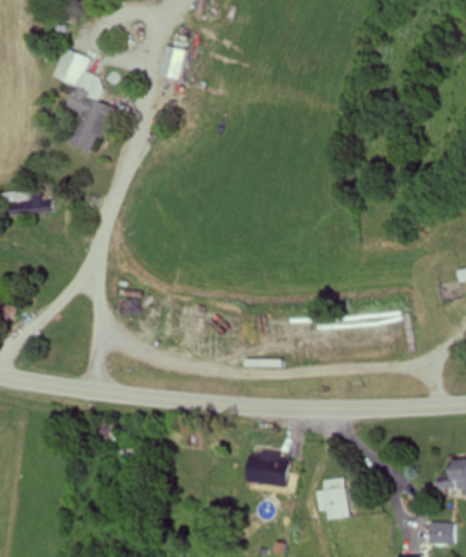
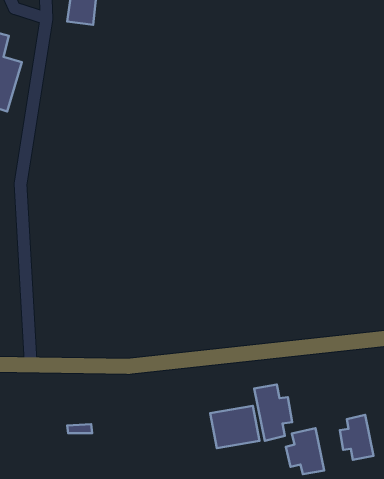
building: none -> [254,384,292,441]
building: none -> [340,415,373,460]

